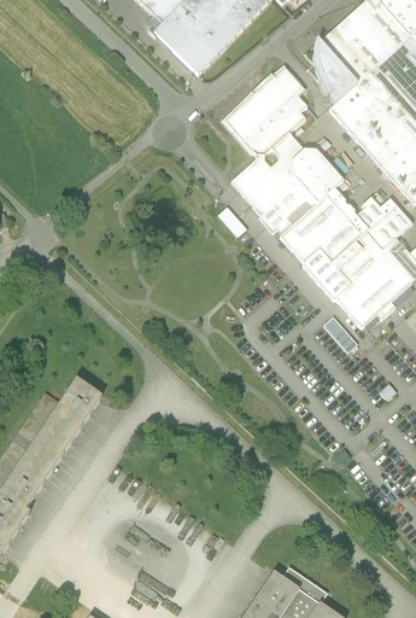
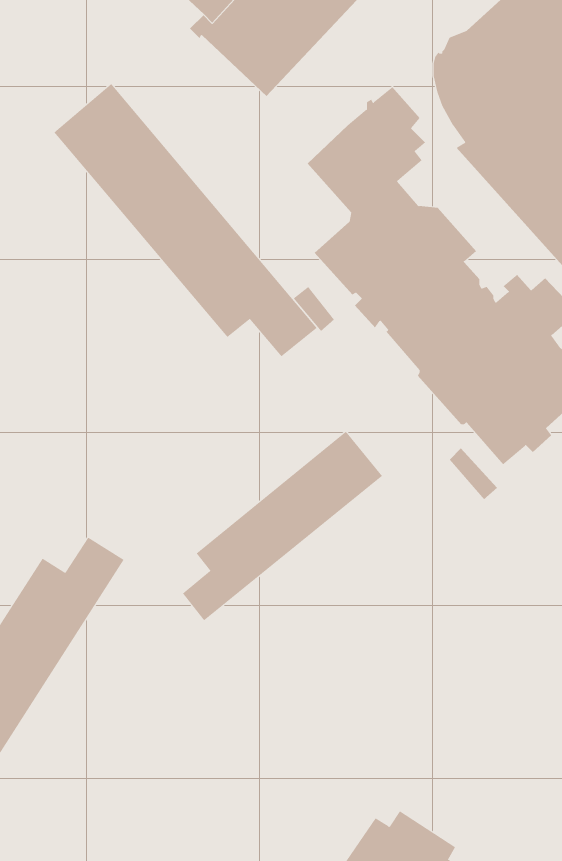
building: none -> [53,83,317,357]
building: none -> [182,431,383,621]

